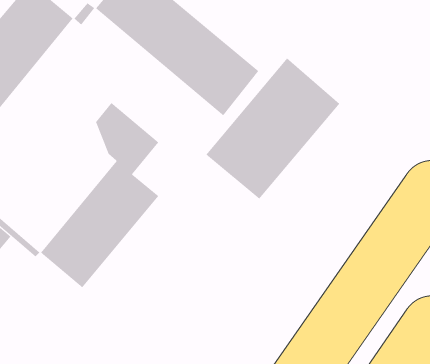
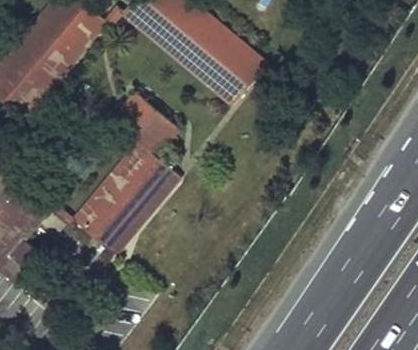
building: [206,57,340,200] -> none

